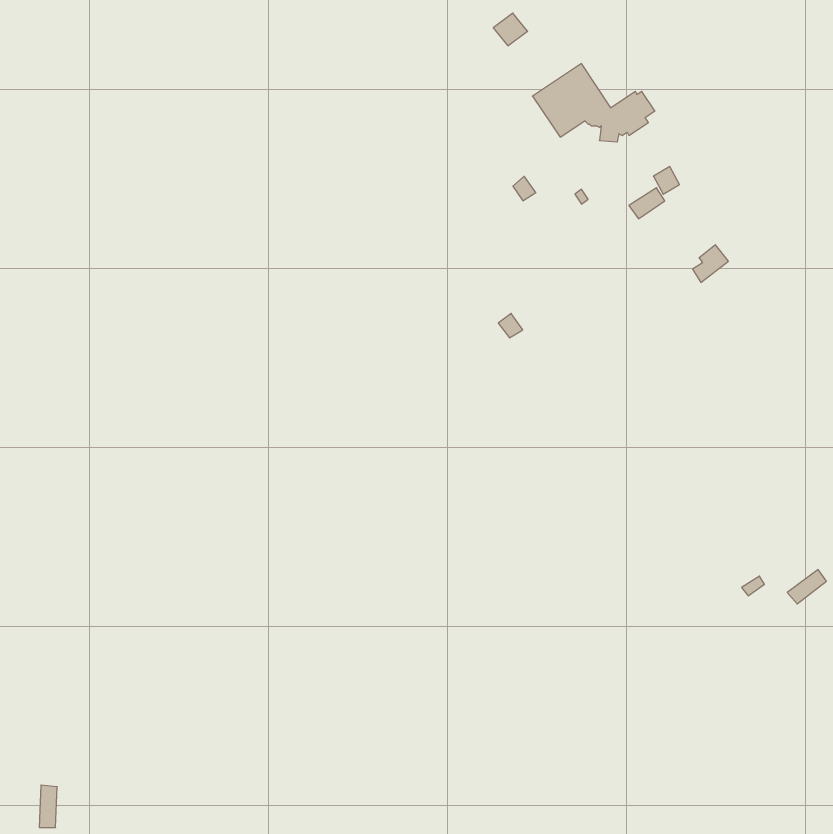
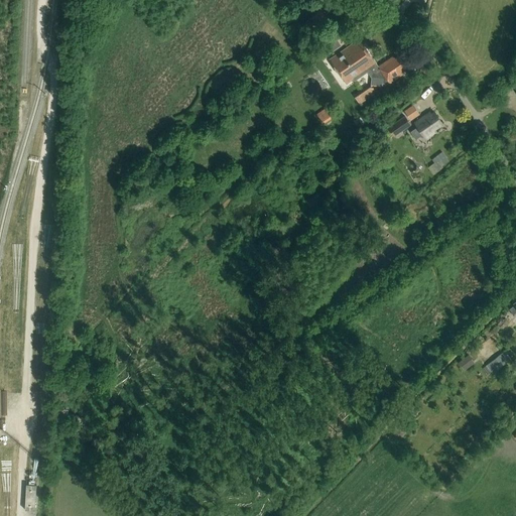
building: none -> [410,113,441,139]

